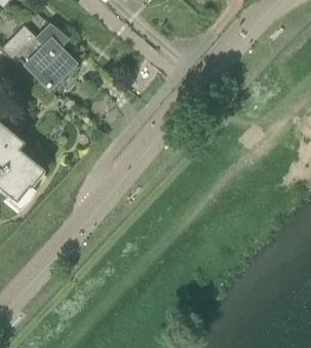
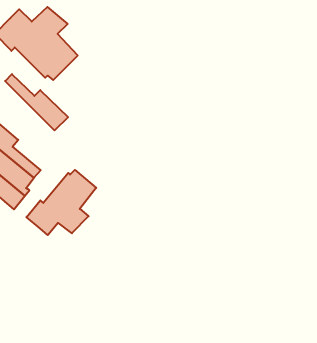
building: none -> [5,74,68,130]
building: none -> [26,170,96,235]

